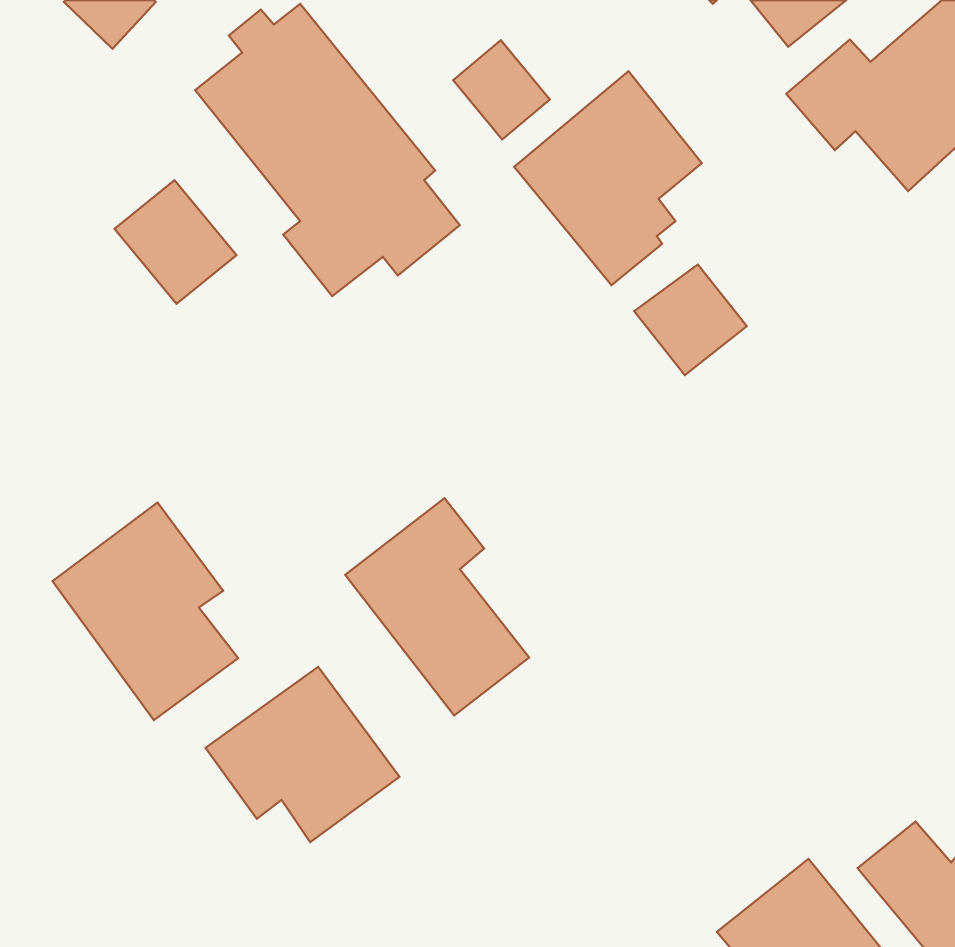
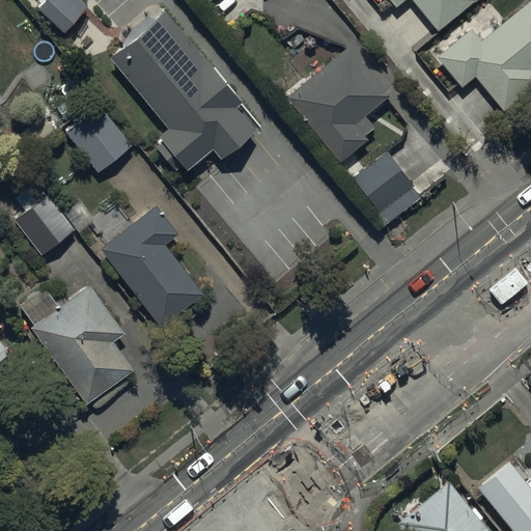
building: [453,40,550,140] -> none
building: none -> [15,184,74,256]
building: [345,498,529,716] -> [102,206,203,327]
building: [206,667,400,842] -> none

